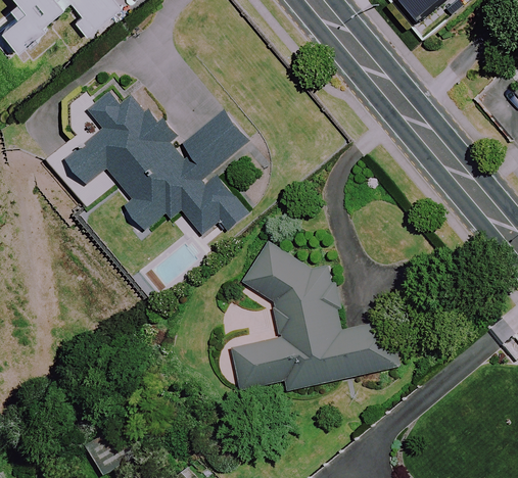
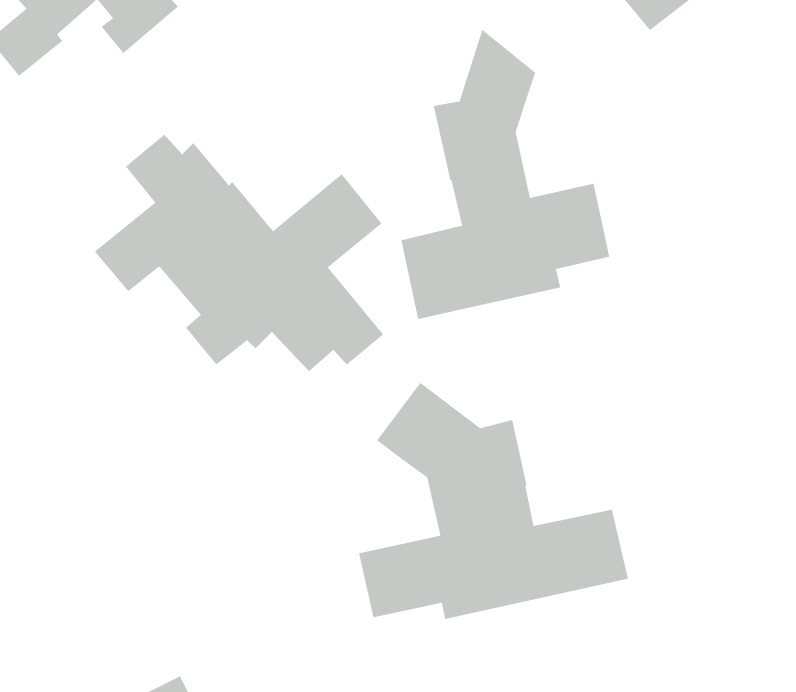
building: none -> [400,29,610,320]

